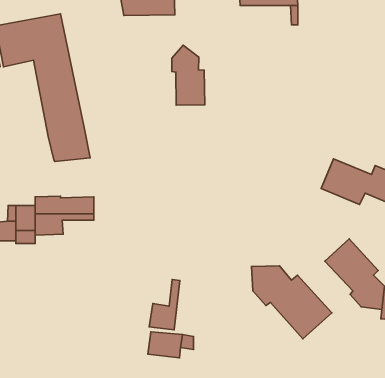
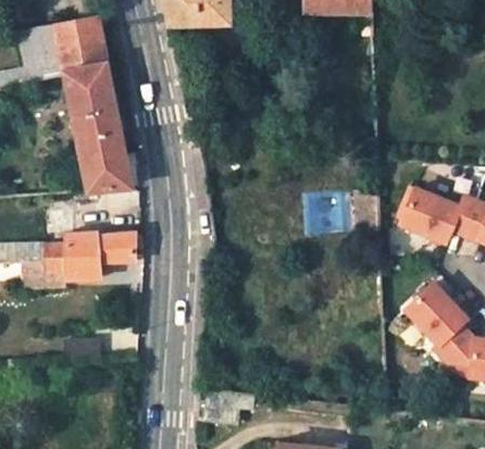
building: [172,45,205,105] -> none
building: [252,266,332,339] -> none
building: [149,280,180,330] -> none

